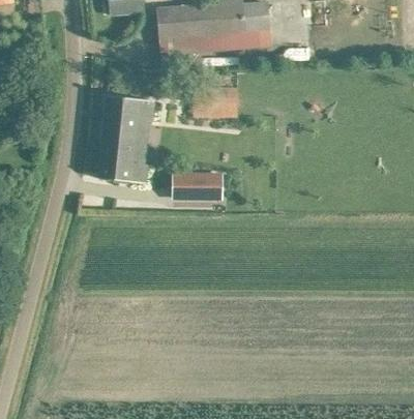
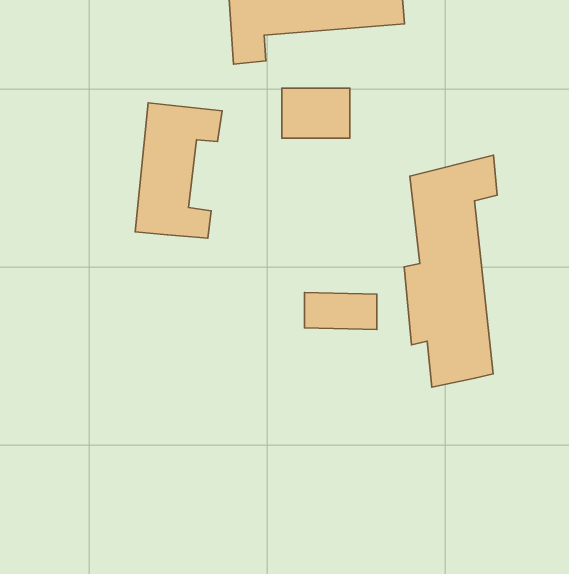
building: none -> [404,155,497,387]
building: [174,175,220,199] -> [304,293,377,330]

